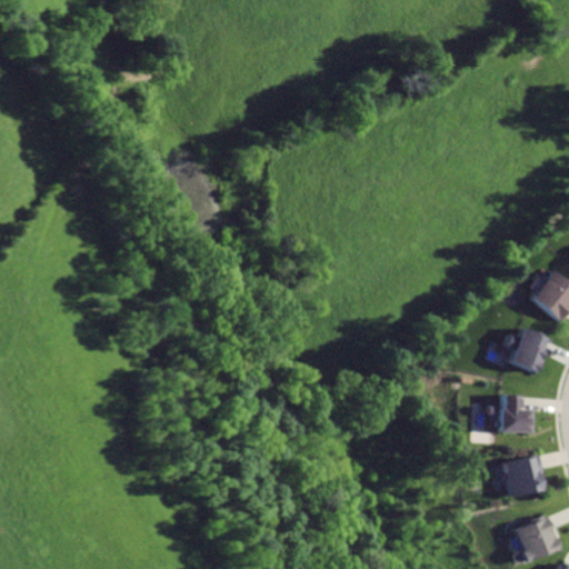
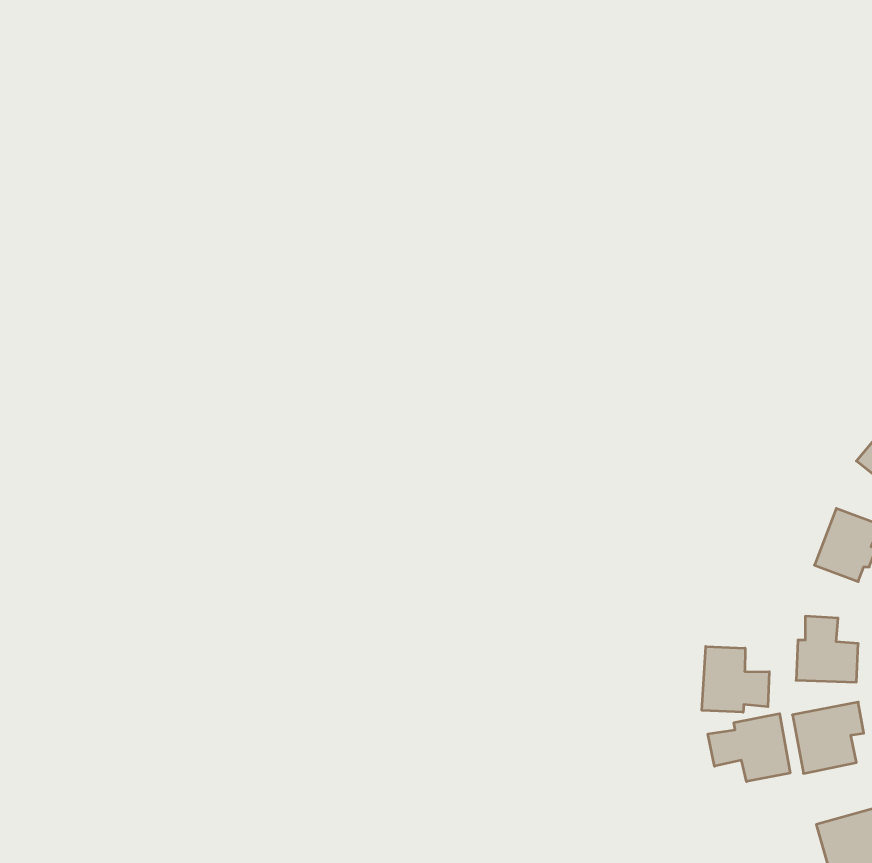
building: none -> [702,646,769,712]
building: none -> [708,714,790,782]

